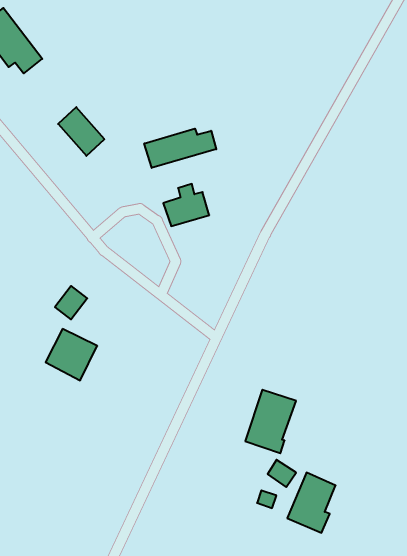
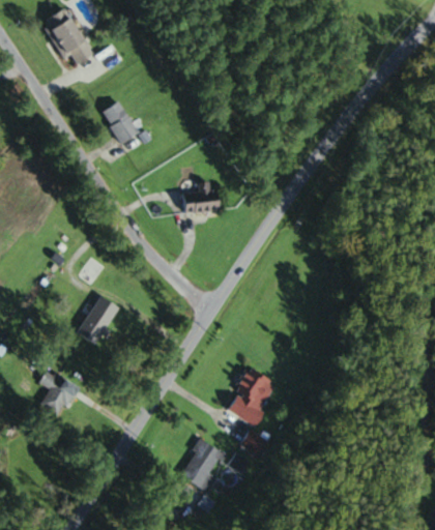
building: [144,129,216,168] -> none
building: none -> [38,369,80,415]
building: [287,473,336,533] -> [180,439,226,493]

